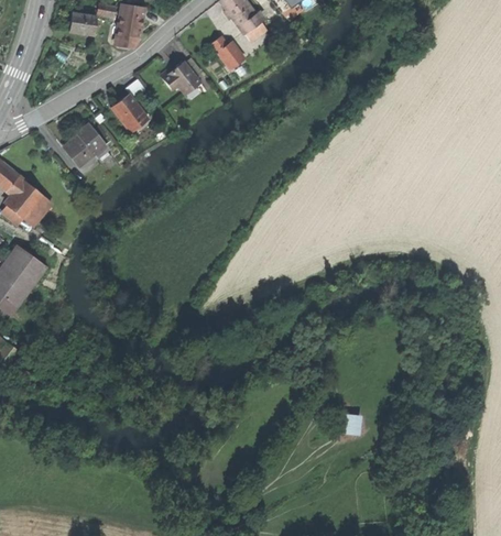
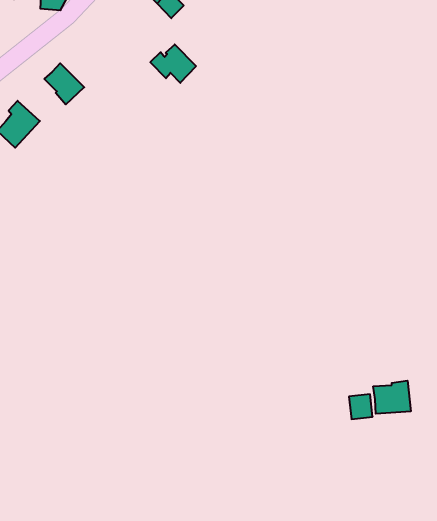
building: [161,62,200,96] -> [150,44,196,83]
building: none -> [373,381,411,414]

